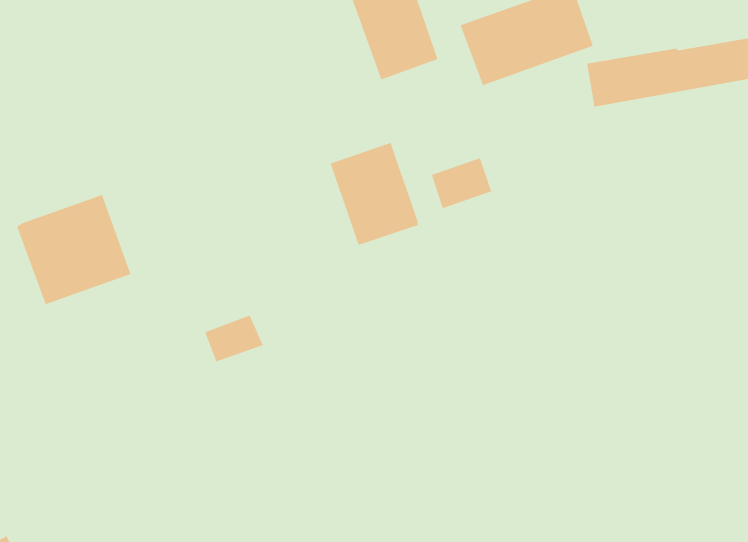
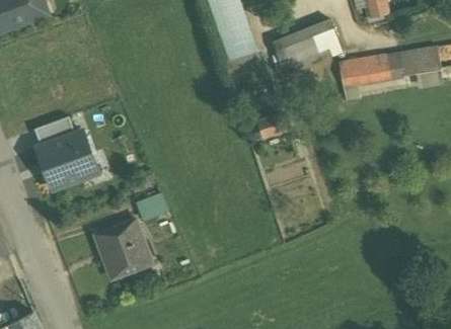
building: [329,142,419,246] -> none
building: none -> [33,116,74,146]
building: none -> [93,220,151,277]

